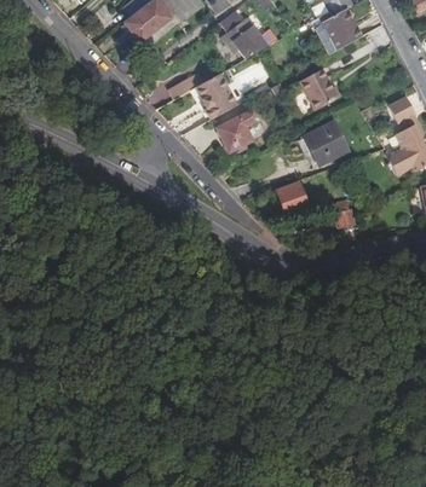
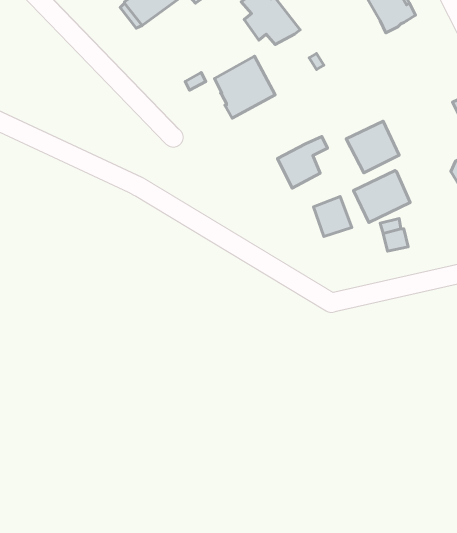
building: [299,68,339,109] -> none
building: [215,109,257,151] -> [277,136,328,188]
building: none -> [354,170,410,223]

